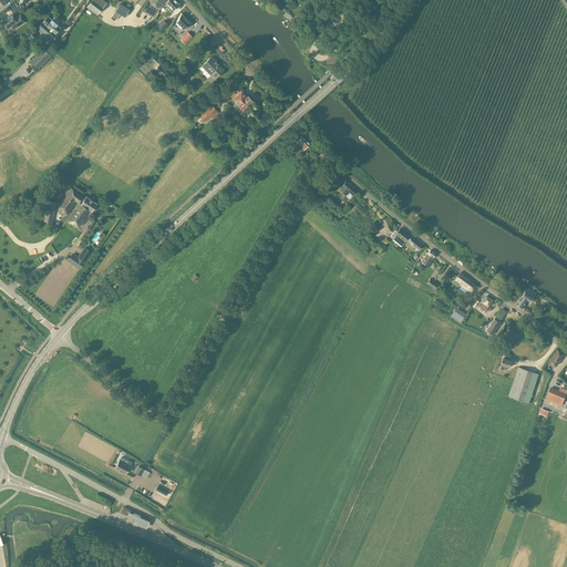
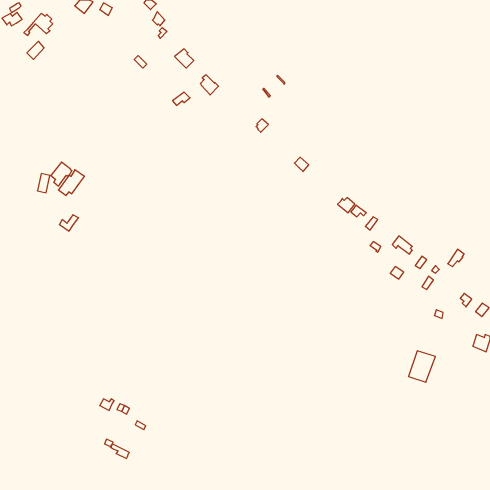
building: [508,367,539,403] -> [409,351,435,382]

